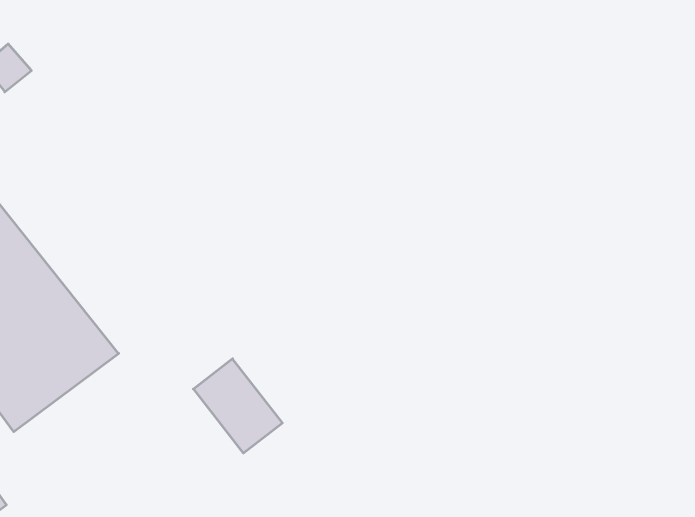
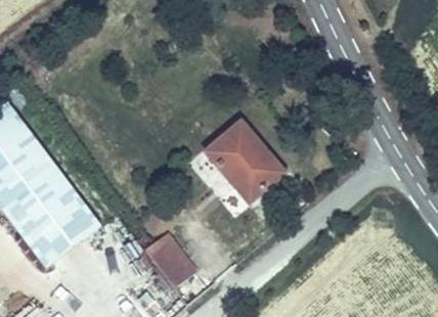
building: none -> [201,118,288,207]

